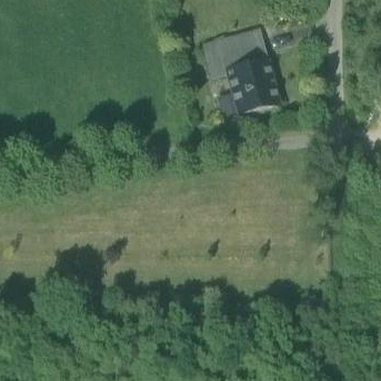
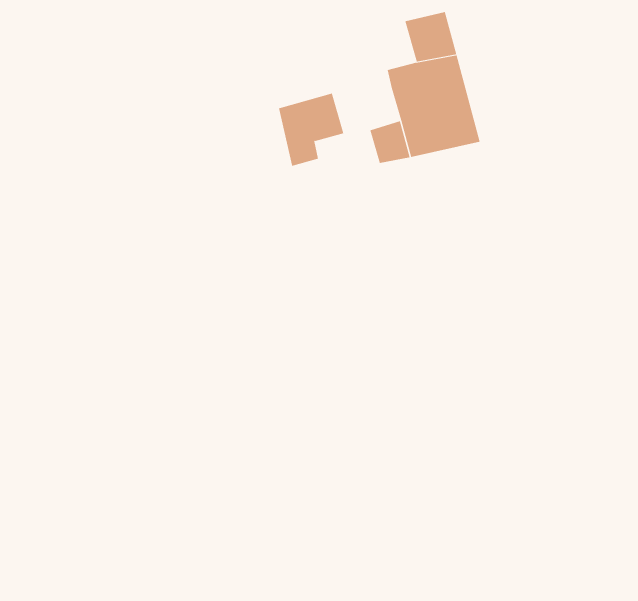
building: [207,34,244,77] -> [278,93,344,167]

